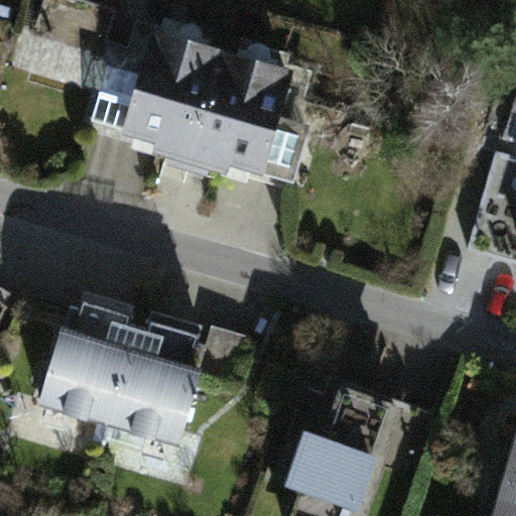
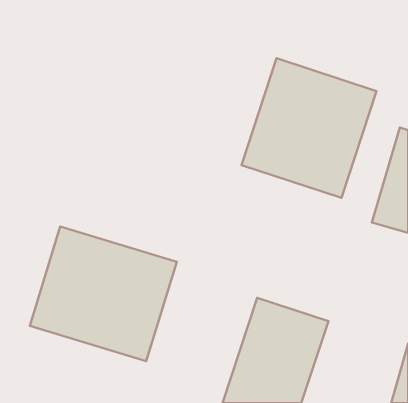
building: [103,21,292,190] -> none
building: none -> [242,58,376,198]

